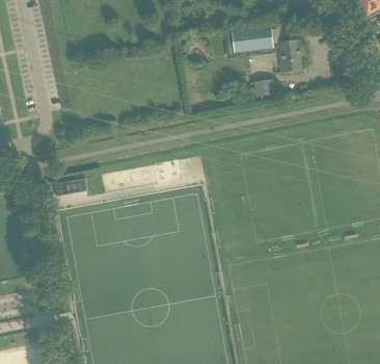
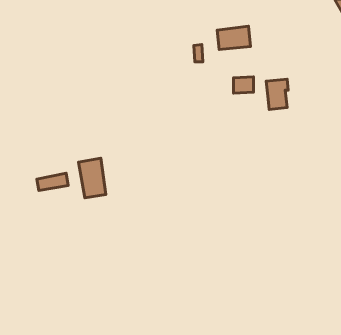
building: [278,41,301,72] -> [266,79,288,109]
building: none -> [79,158,106,198]

